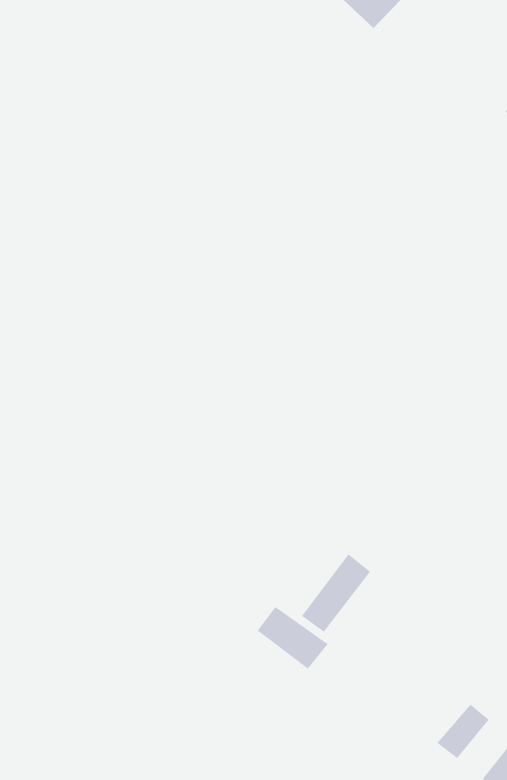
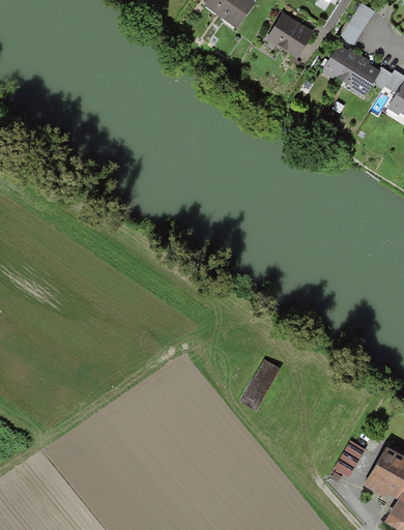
building: none -> [267,13,314,58]
building: [257,606,329,669] -> none

